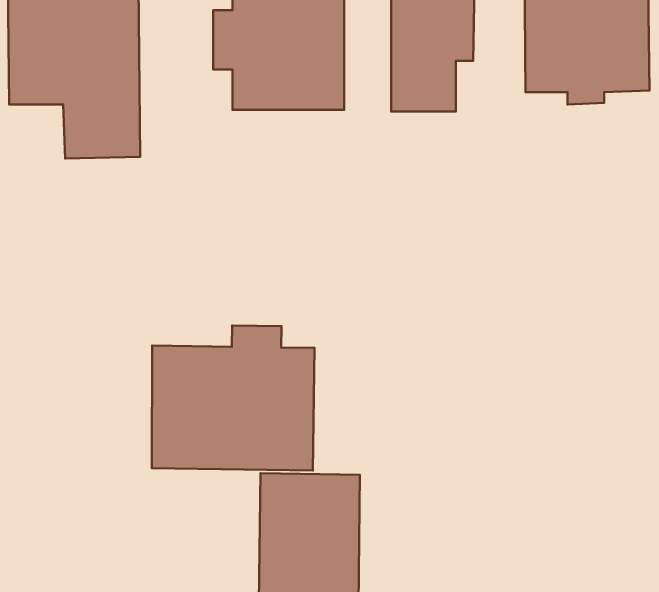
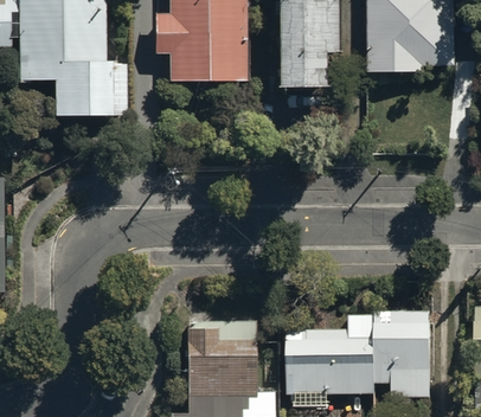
building: [152,326,315,470] -> none
building: none -> [288,314,430,399]

